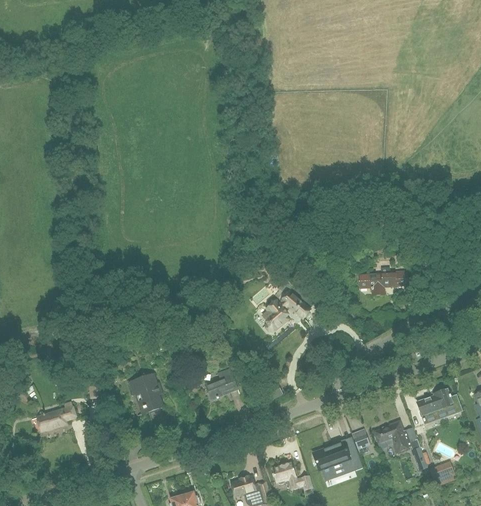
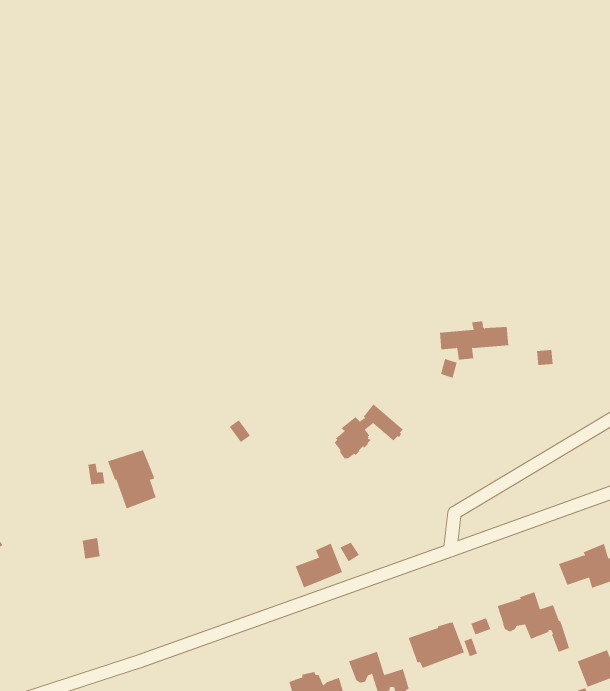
building: [359,267,407,294] -> [439,321,509,360]
building: [204,368,237,399] -> [295,543,343,588]
building: [128,373,162,414] -> [107,449,157,509]
building: [36,401,75,430] -> none

